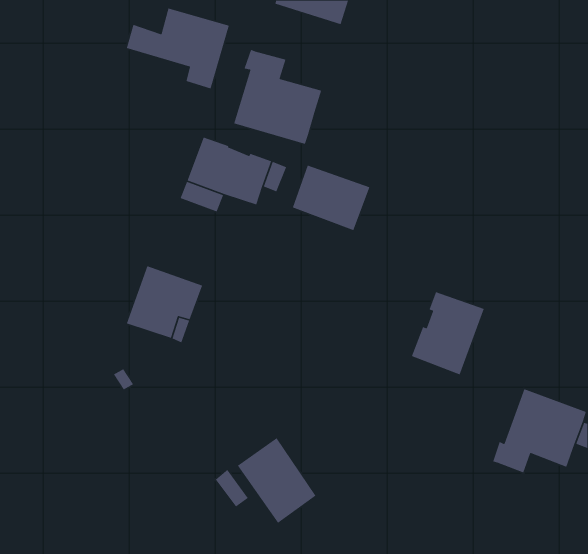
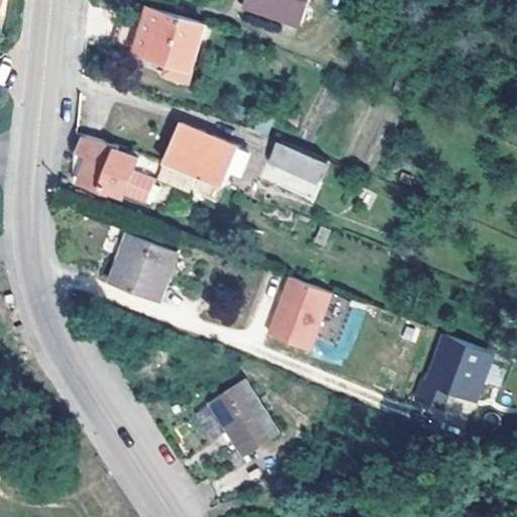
building: [233,49,322,145] -> none
building: none -> [73,131,148,199]
building: [411,291,485,375] -> [278,282,341,354]

